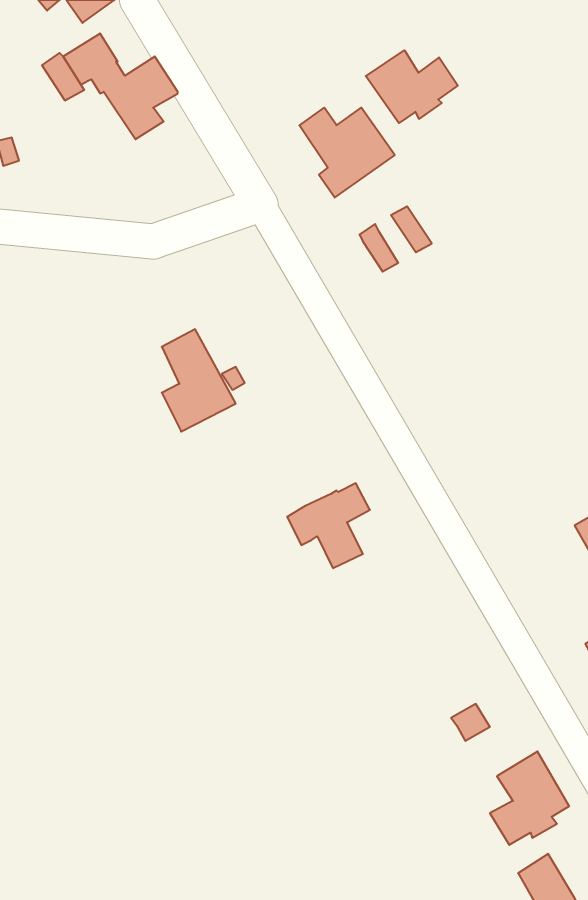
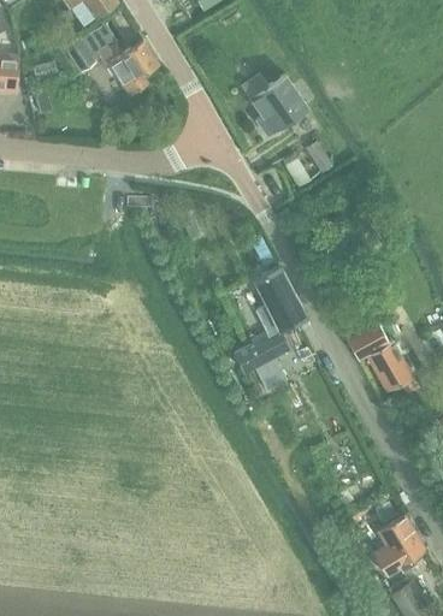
building: [366,50,458,123] -> none
building: [162,329,236,432] -> [255,266,306,336]
building: none -> [345,319,418,392]

